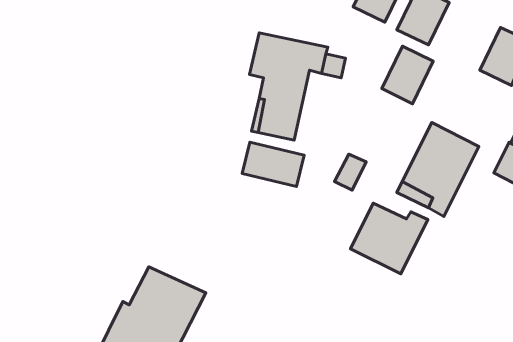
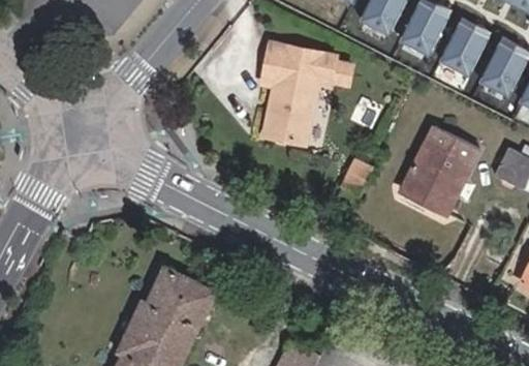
building: [382,46,433,104] -> [440,20,489,74]
building: [242,142,304,187] -> none
building: [350,203,428,274] -> none

